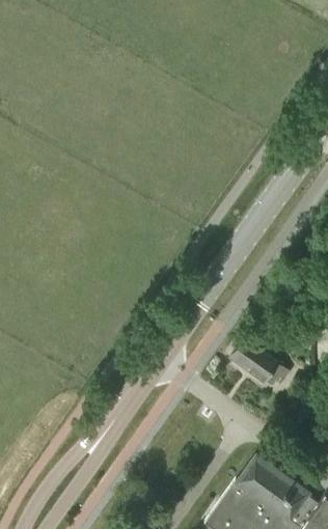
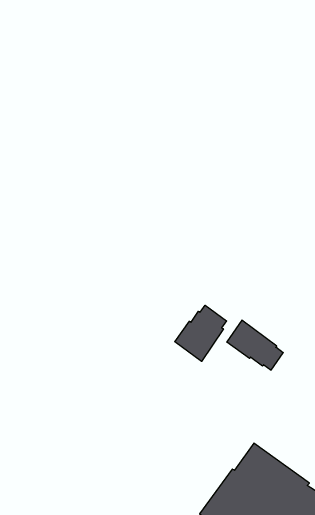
building: none -> [175,305,227,361]

